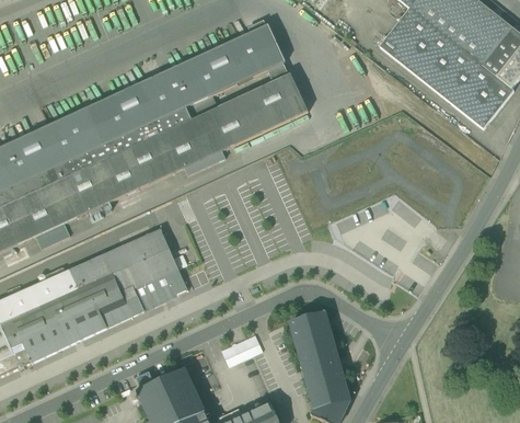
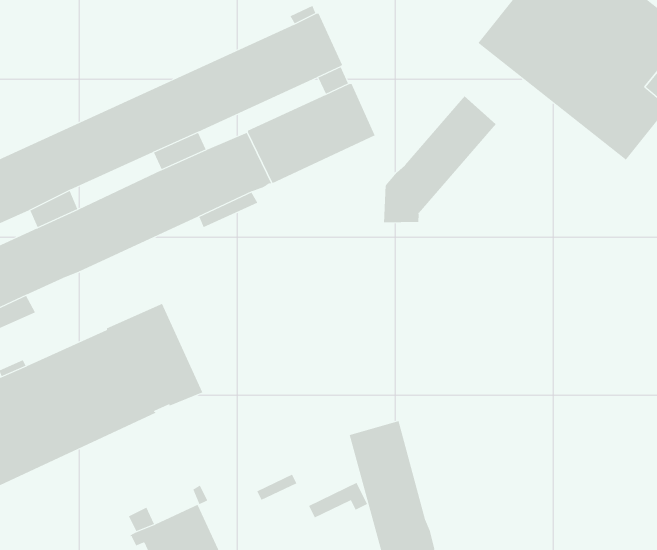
building: none -> [383,95,497,223]
building: [220,334,262,359] -> [308,482,368,518]

